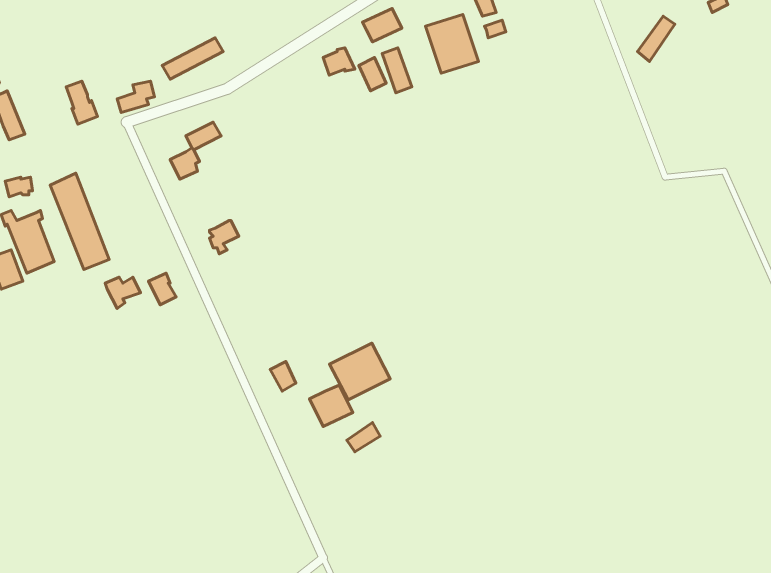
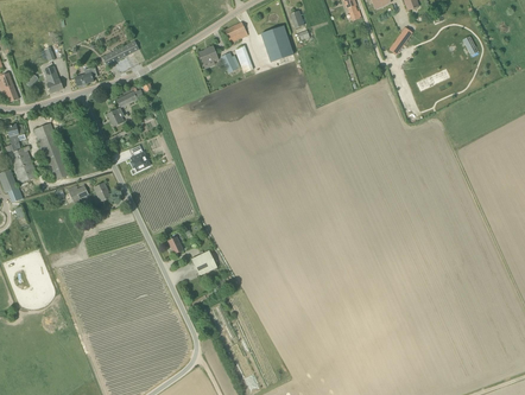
building: [330,343,390,400] -> none

